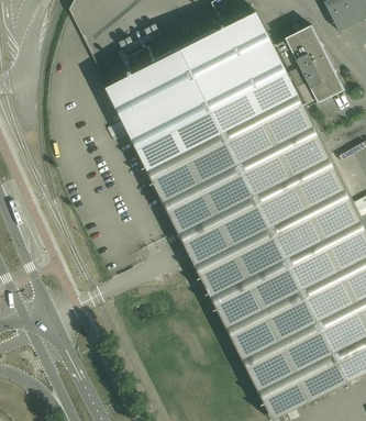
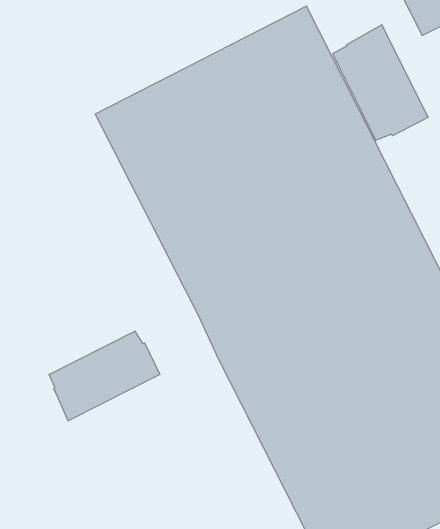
building: none -> [49,331,160,421]

